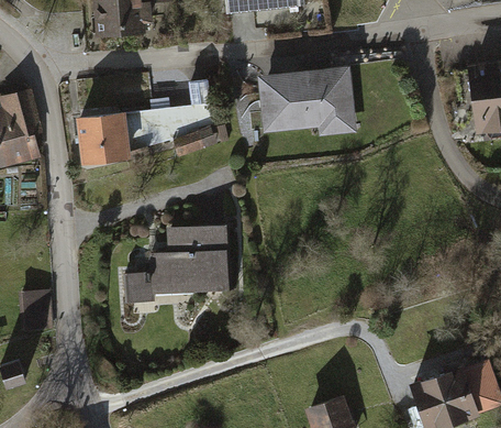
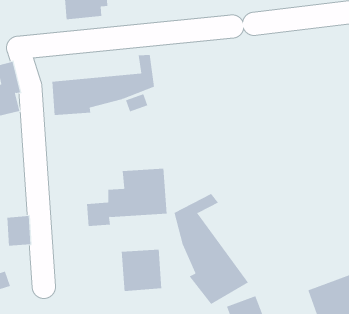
building: [258,70,355,134] -> none
building: none -> [174,193,249,305]
building: none -> [121,249,162,292]

